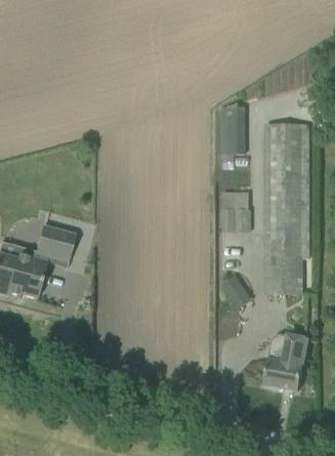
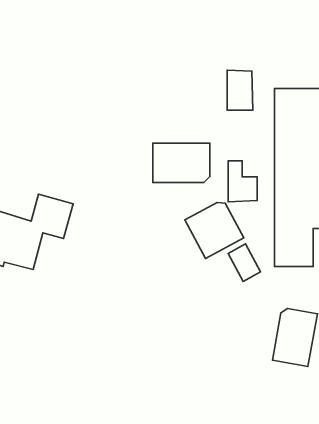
building: none -> [153,143,210,183]
building: none -> [185,202,244,259]

